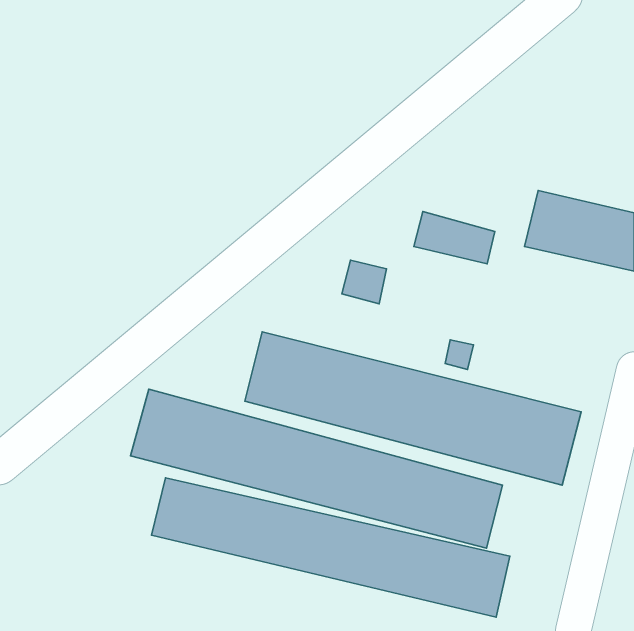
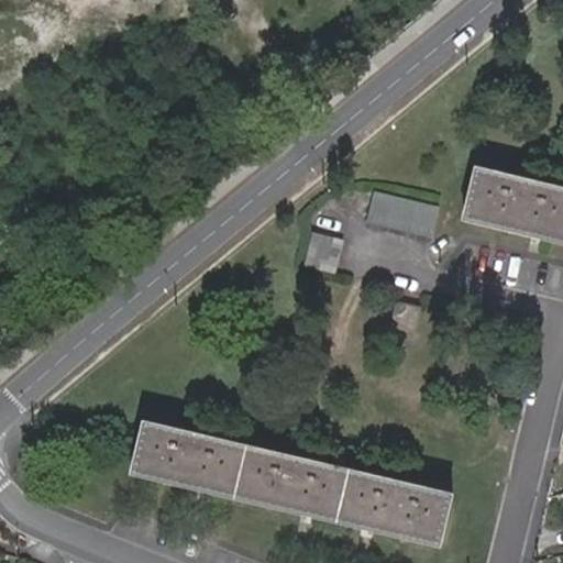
building: [245,332,581,485] -> none
building: [131,389,503,548] -> none

